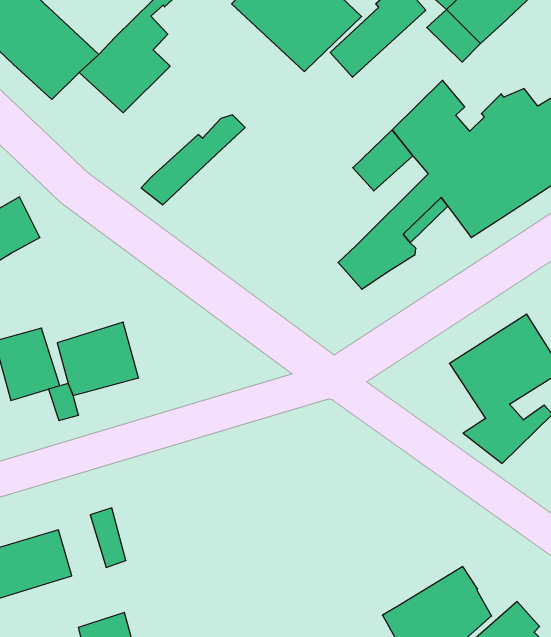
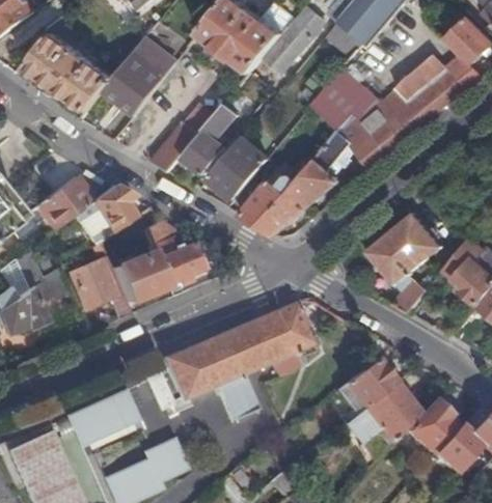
building: none -> [186,103,238,173]
building: none -> [209,137,268,198]
building: none -> [73,185,134,245]
building: none -> [242,173,305,233]
building: none -> [140,217,203,285]
building: none -> [160,301,313,420]
building: none -> [335,359,393,414]

